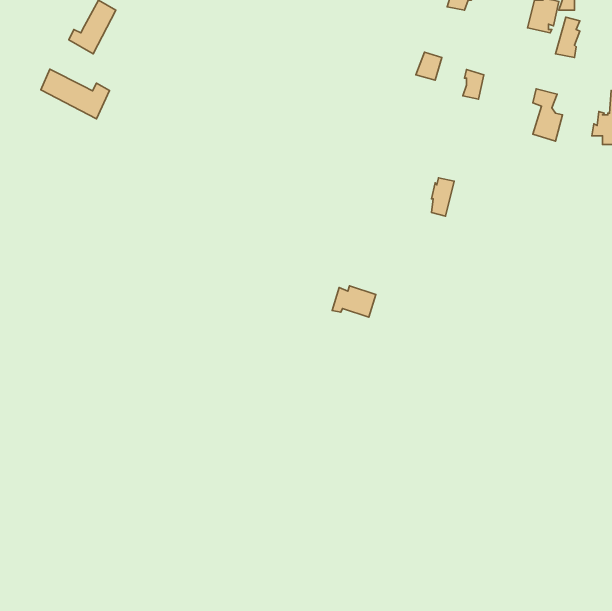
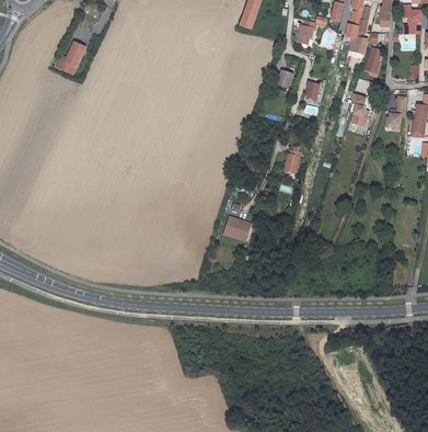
building: [41,69,110,119] -> none

